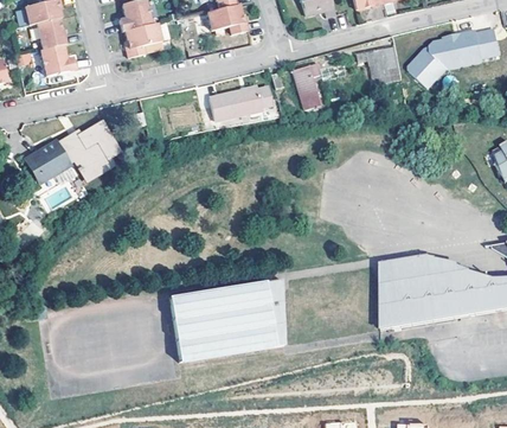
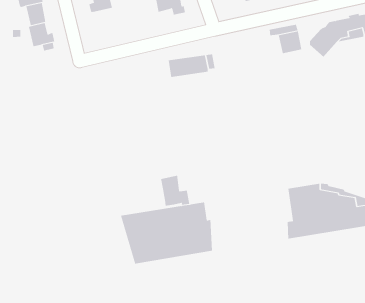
building: [124,23,162,57] -> none
building: [293,66,317,109] -> none
building: [24,121,117,180] -> none
building: none -> [160,175,190,206]

